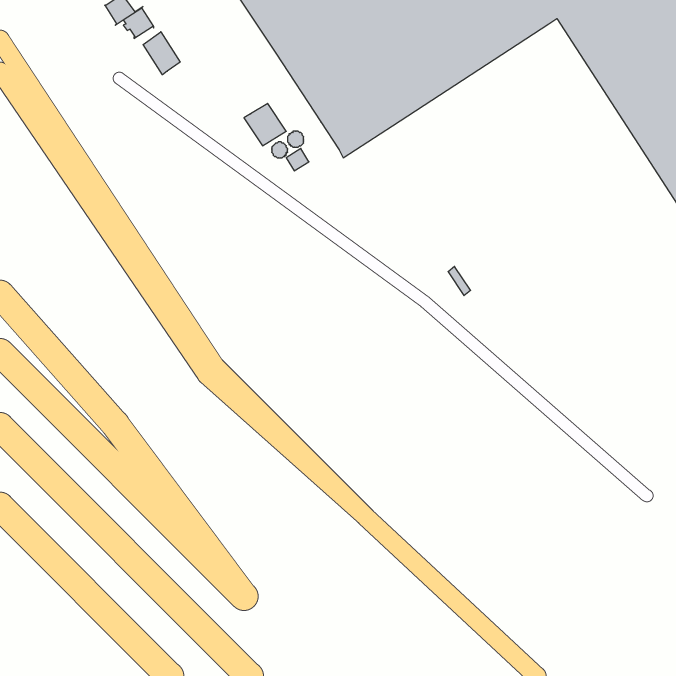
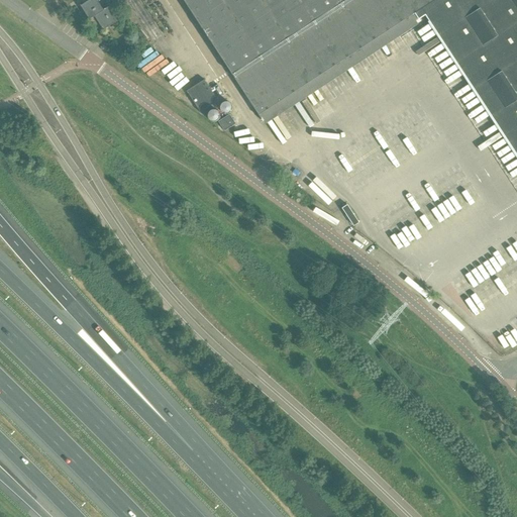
building: [143,32,180,75] -> none

